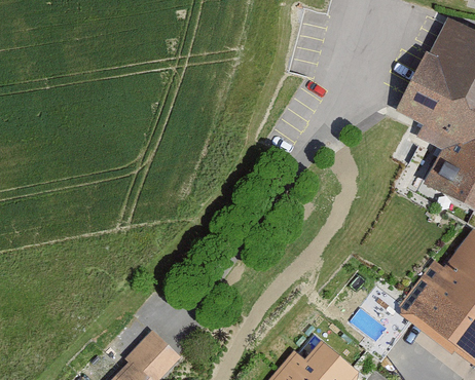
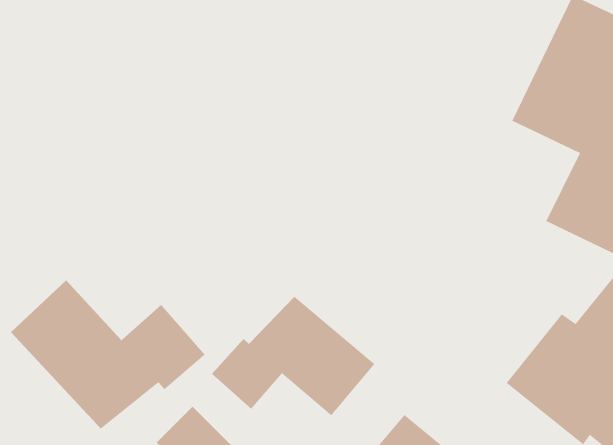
building: none -> [10,279,206,430]
building: none -> [211,296,375,416]

